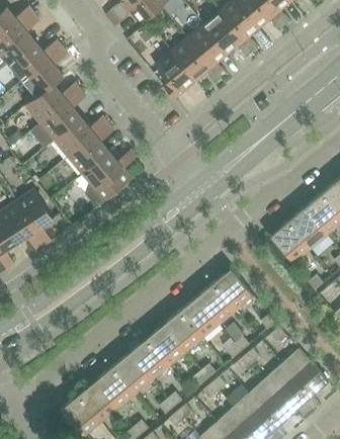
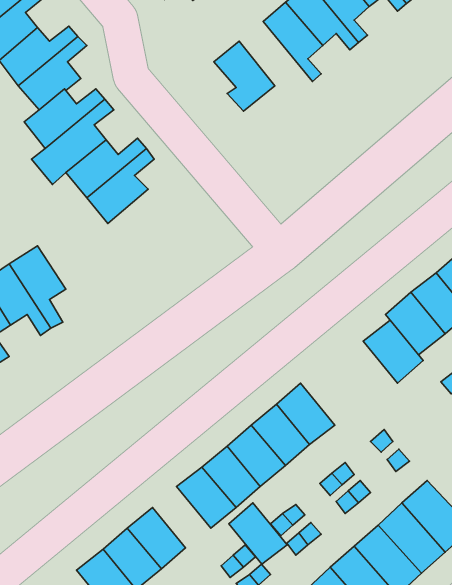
building: [171,37,221,83] -> none
building: [82,150,136,207] -> none
building: [212,268,253,311] -> [363,320,423,383]
building: [112,352,152,393] -> [229,503,287,564]

